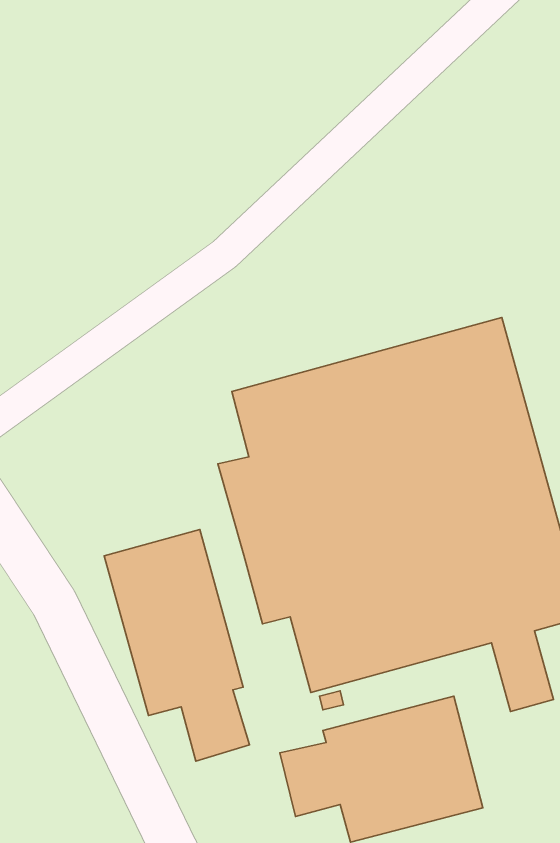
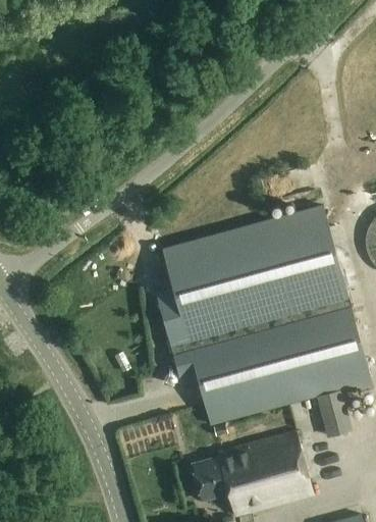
building: [104,529,250,761] -> none

